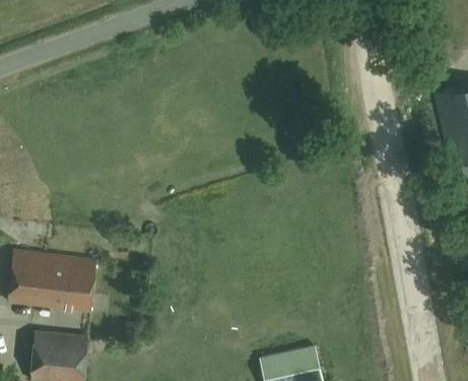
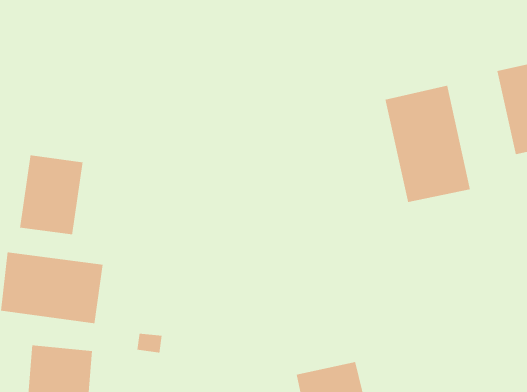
building: none -> [385,85,471,203]
building: none -> [20,155,83,235]

